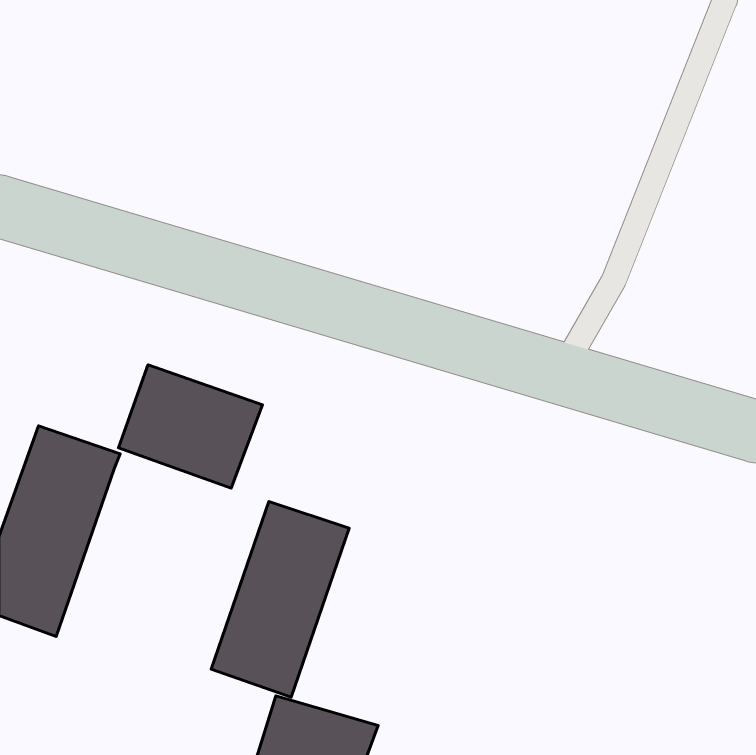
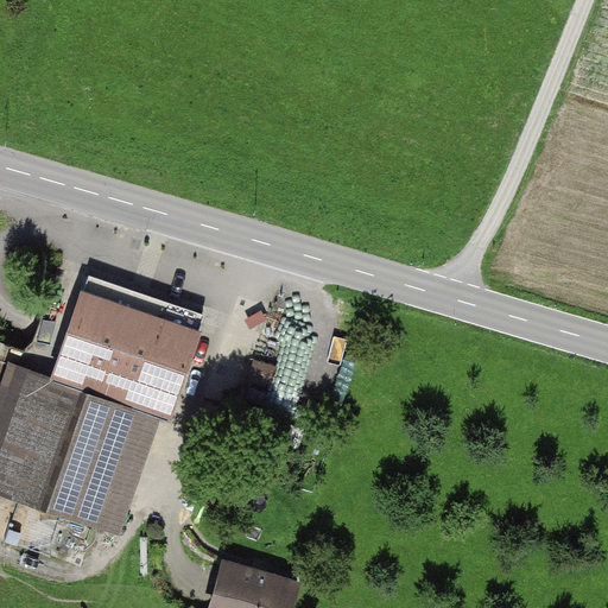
building: none -> [64,286,118,361]
building: [211,501,349,697] -> [45,378,156,534]

